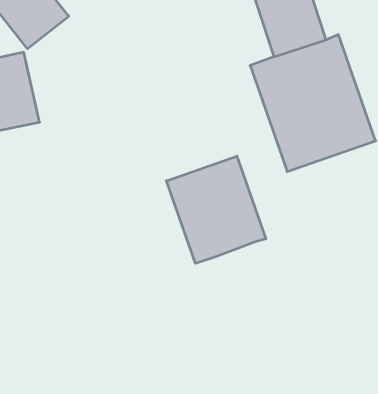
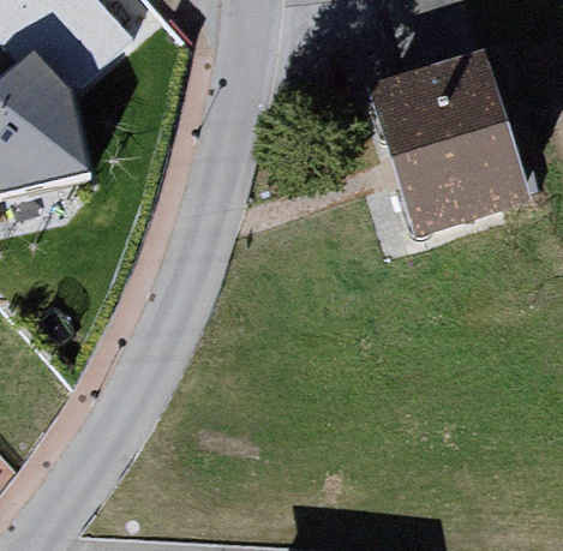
building: [166,156,266,263] -> none

